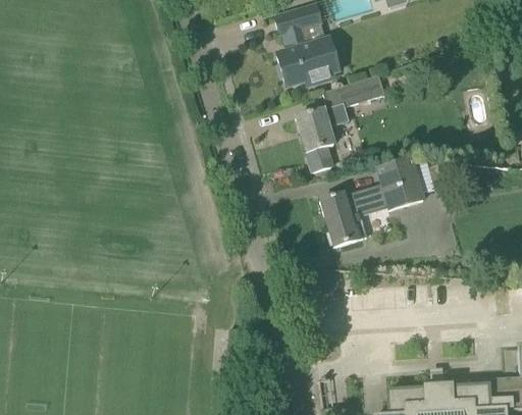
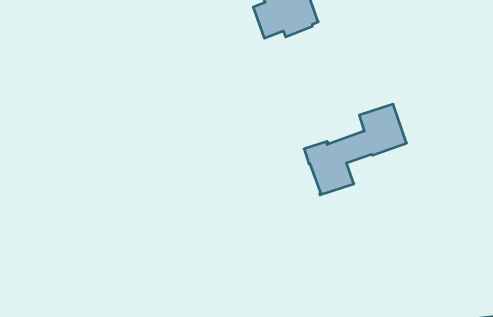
building: [297,73,386,170] -> none

